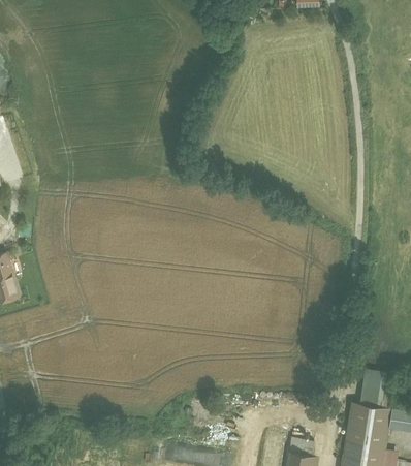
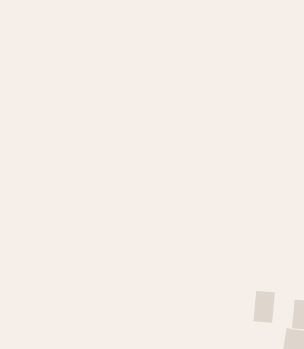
building: none -> [253,290,275,323]

